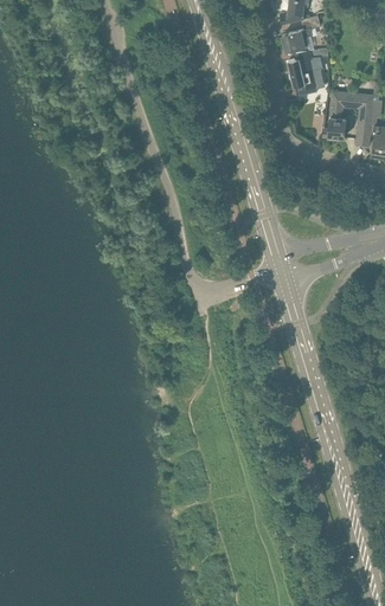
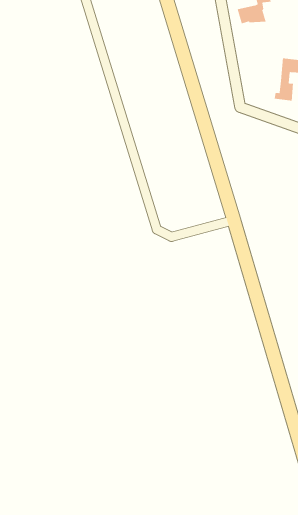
building: [288,49,327,89] -> none

